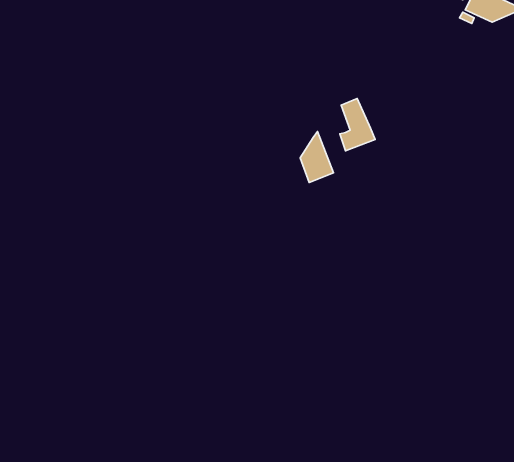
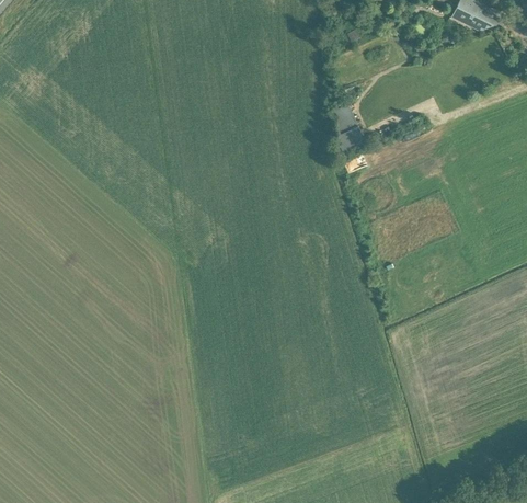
building: [300,131,333,183] -> none

